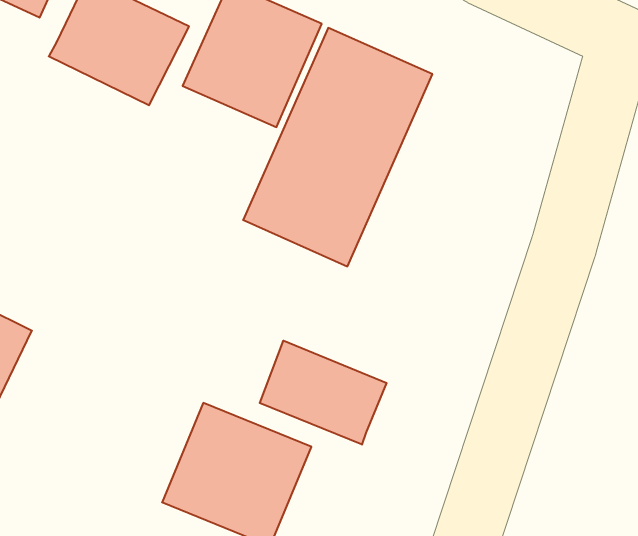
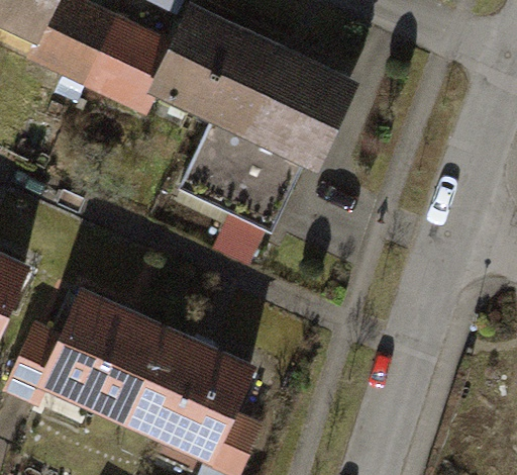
building: [260,341,387,445] -> none
building: none -> [45,299,162,412]

